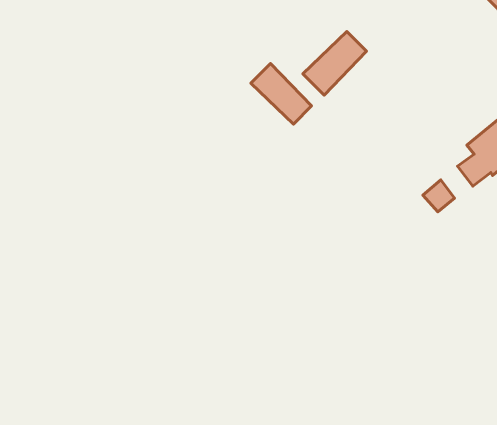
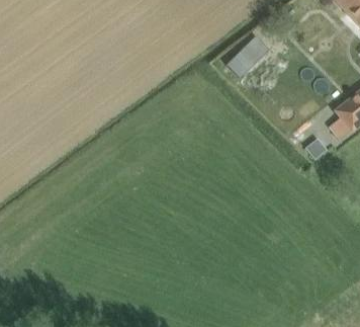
building: [251,64,311,124] -> none

